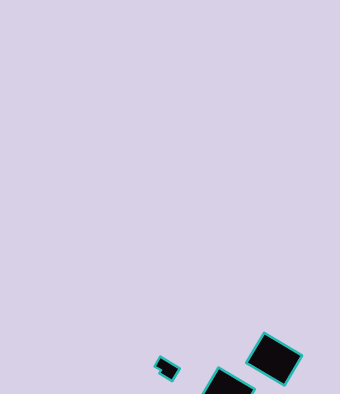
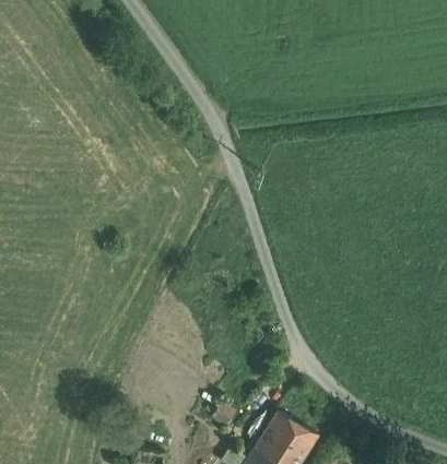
building: [246,333,302,386] -> none

